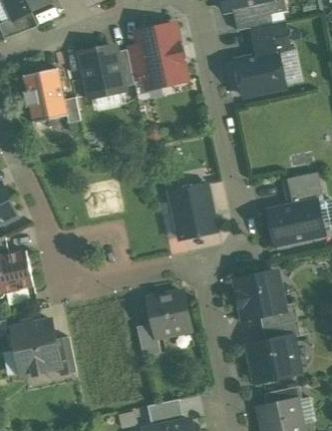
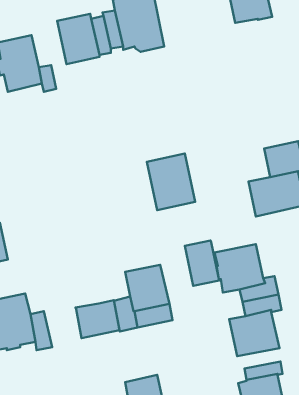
building: [236,52,284,95] -> none
building: none -> [185,241,219,286]
building: none -> [75,300,119,338]

